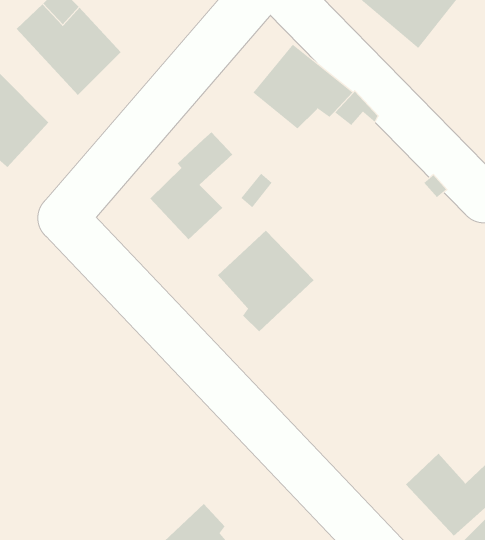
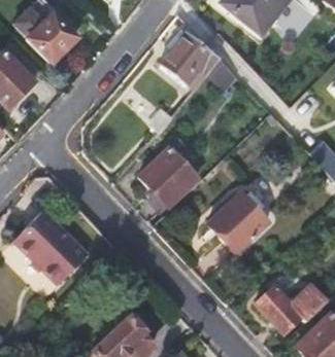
building: [149,131,233,240] -> none
building: none -> [208,189,271,254]
building: none -> [14,212,89,285]

